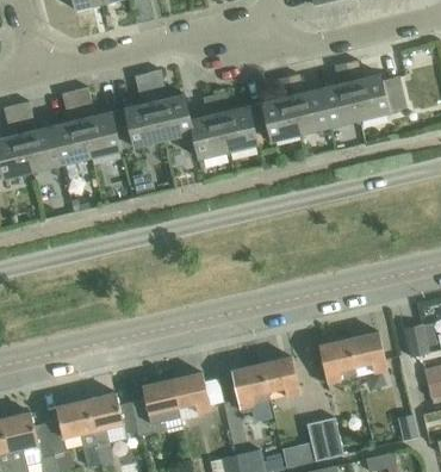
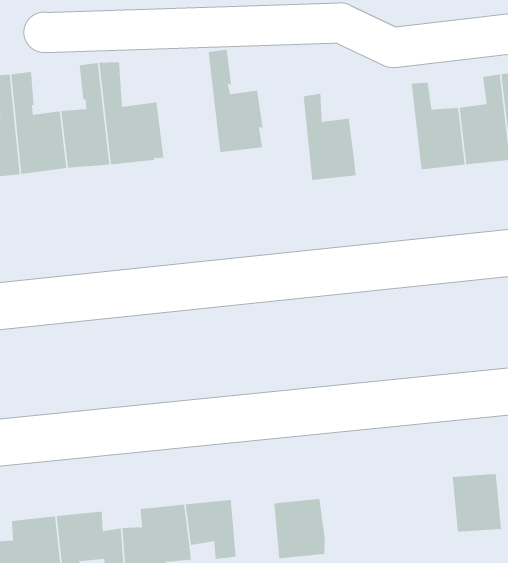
building: [118,73,164,148] -> none
building: [249,76,302,141] -> none
building: [190,94,229,157] -> none
building: [318,337,358,381] -> none
building: [262,356,300,396] -> none

